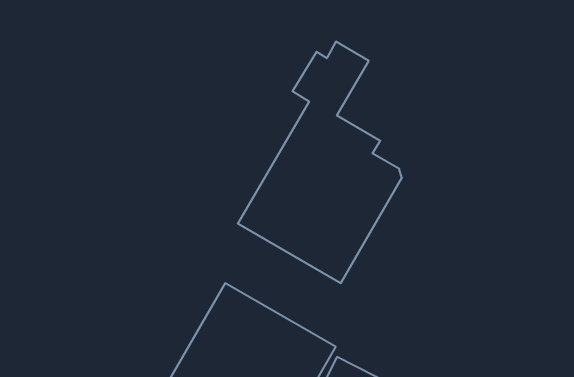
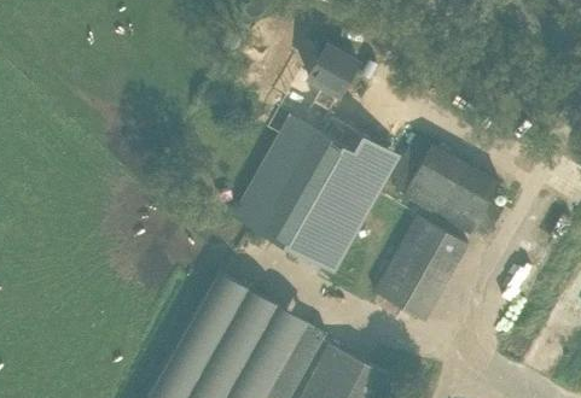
building: none -> [393,136,498,238]
building: none -> [372,216,467,322]

